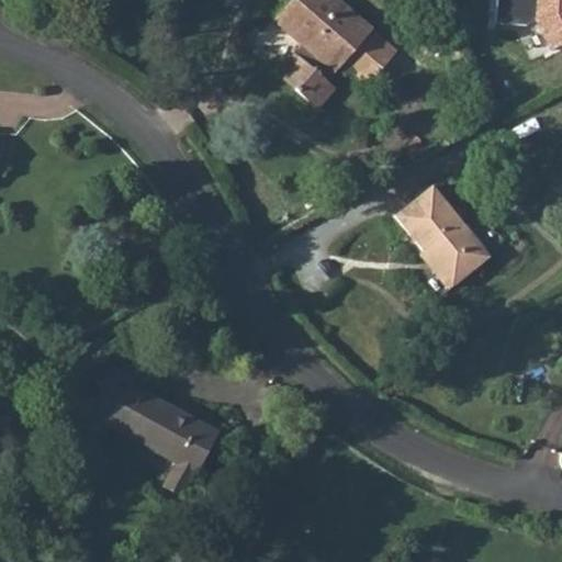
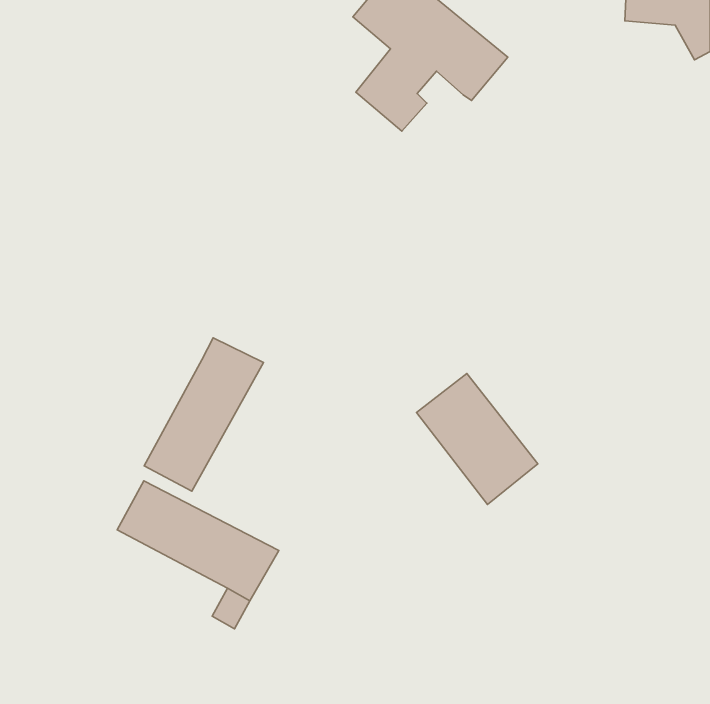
building: [394,186,490,289] -> [417,373,538,504]
building: none -> [144,338,264,491]

